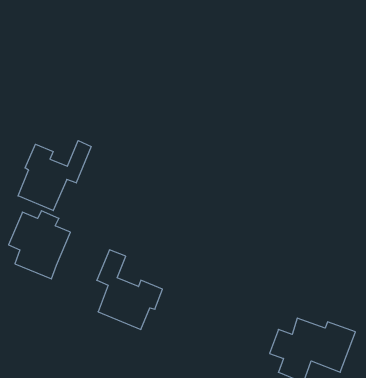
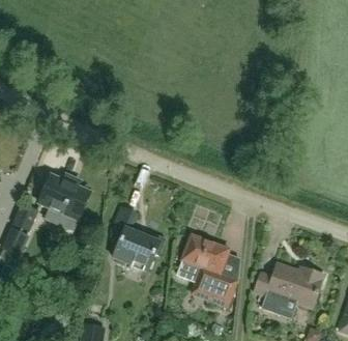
building: [18,141,91,211] -> none
building: none -> [178,234,236,306]

